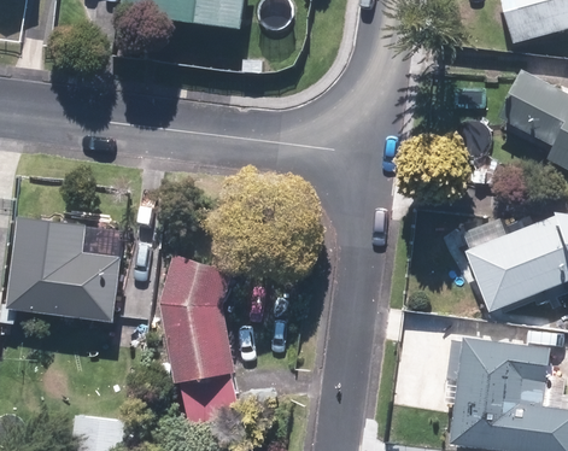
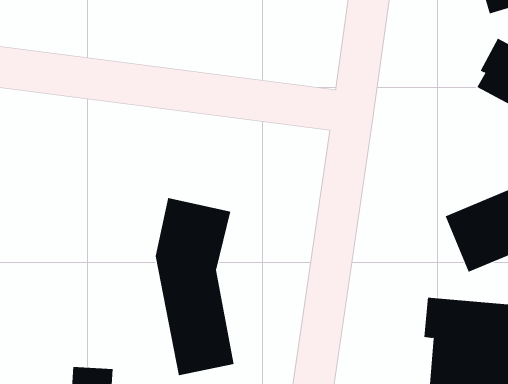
building: [18,204,137,314] -> none

